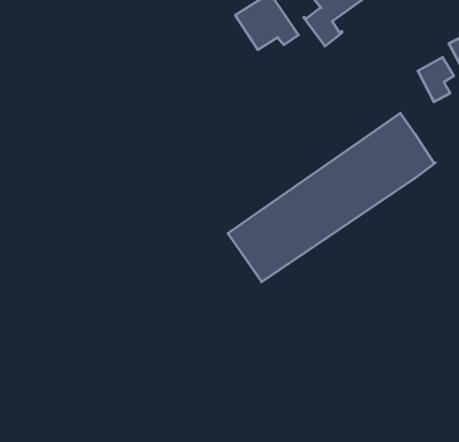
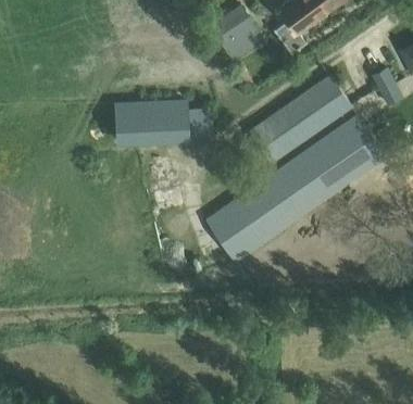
building: none -> [247,76,350,163]
building: none -> [91,100,212,142]

